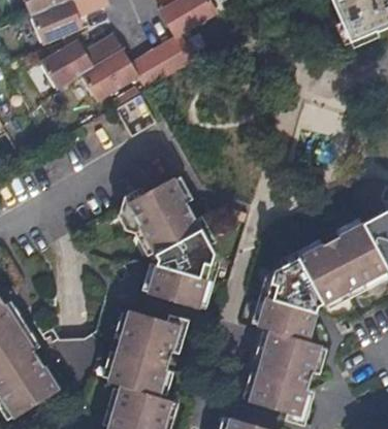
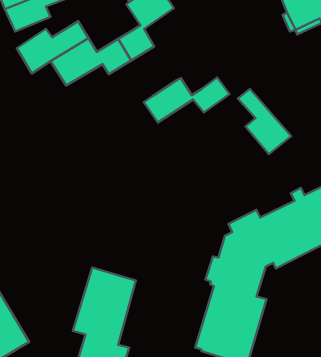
building: none -> [144,78,230,123]
building: none -> [238,89,291,154]
building: [119,175,214,304] -> none

